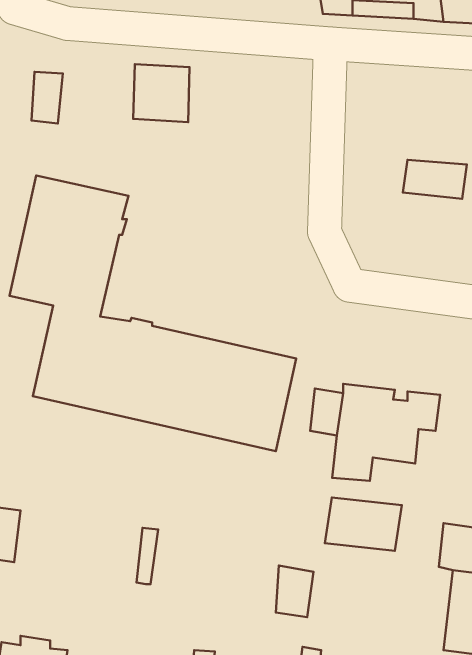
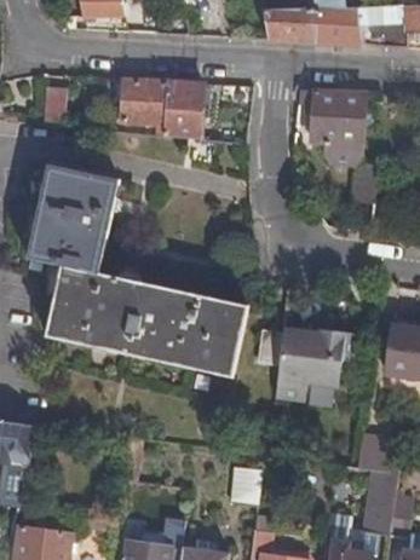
building: none -> [163,81,202,139]
building: none -> [311,90,364,144]
building: [325,497,402,551] -> none

